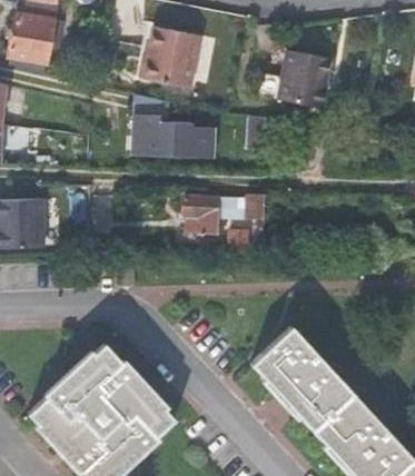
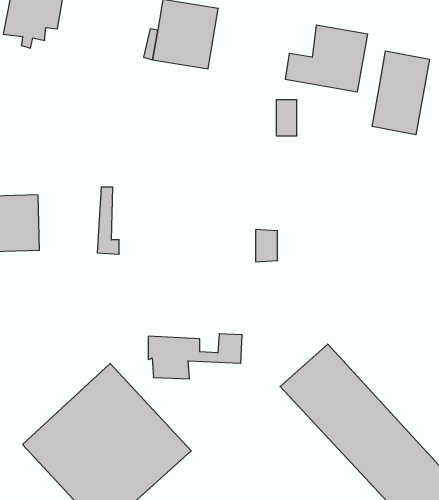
building: none -> [372,51,429,135]
building: [134,115,215,160] -> none
building: [185,195,266,234] -> [148,334,242,379]

